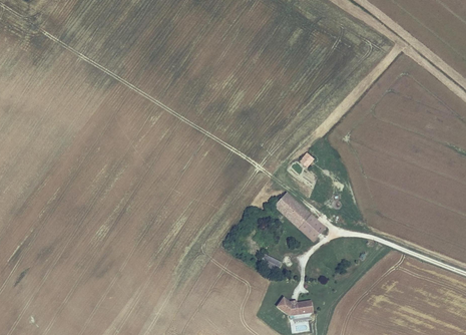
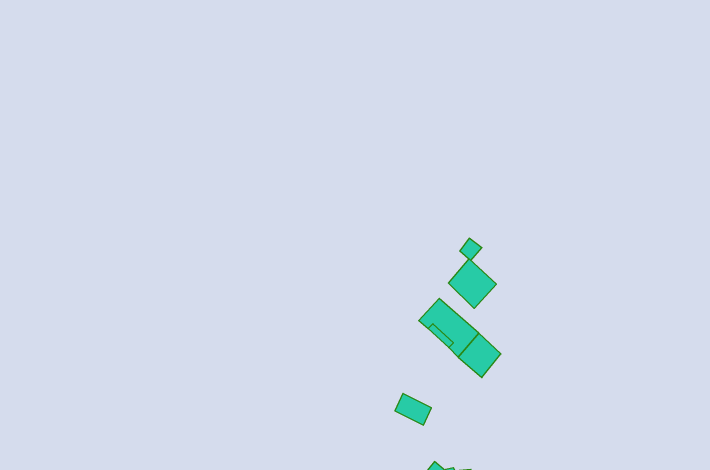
building: none -> [448,259,496,308]

